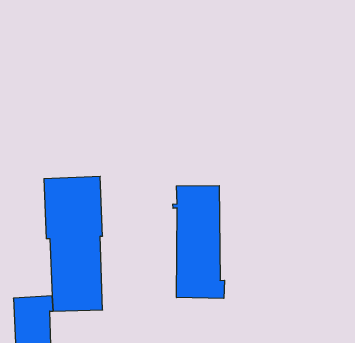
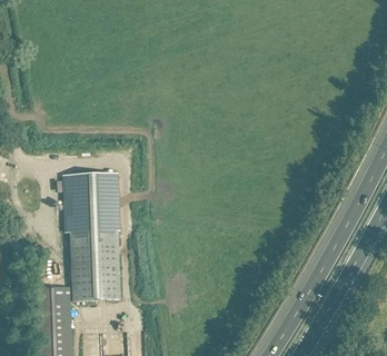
building: [173,186,224,298] -> none

